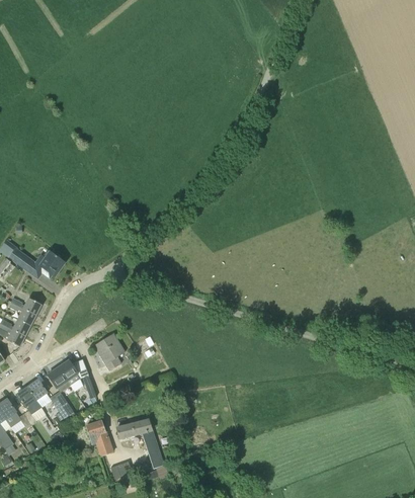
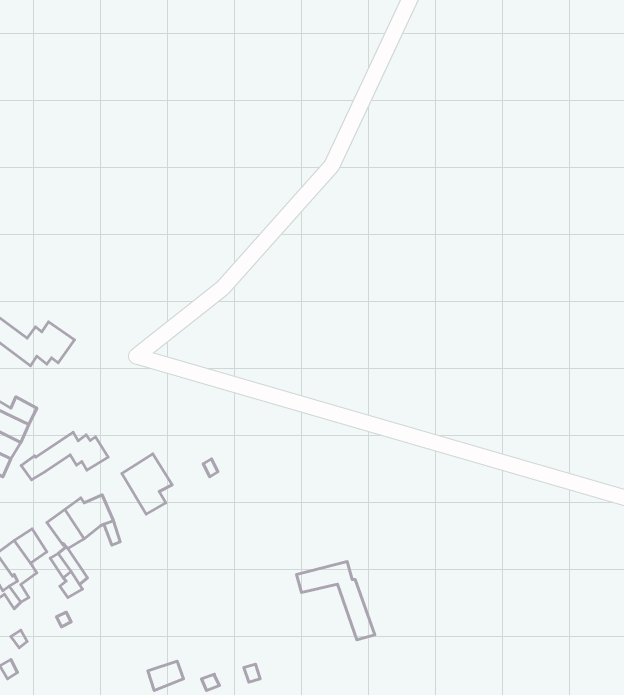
building: none -> [21,432,108,480]
building: [115,419,164,468] -> [297,562,375,640]
building: [85,420,111,455] -> none

